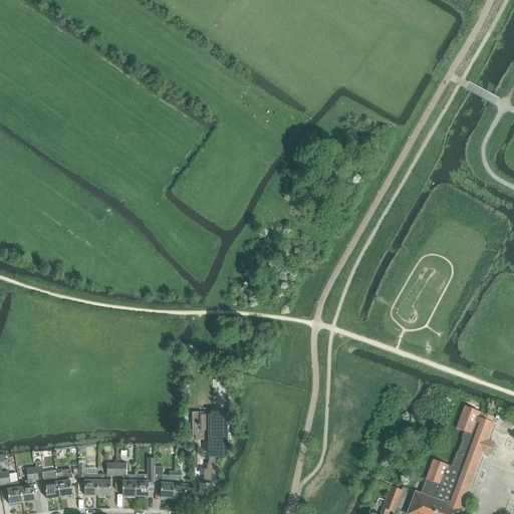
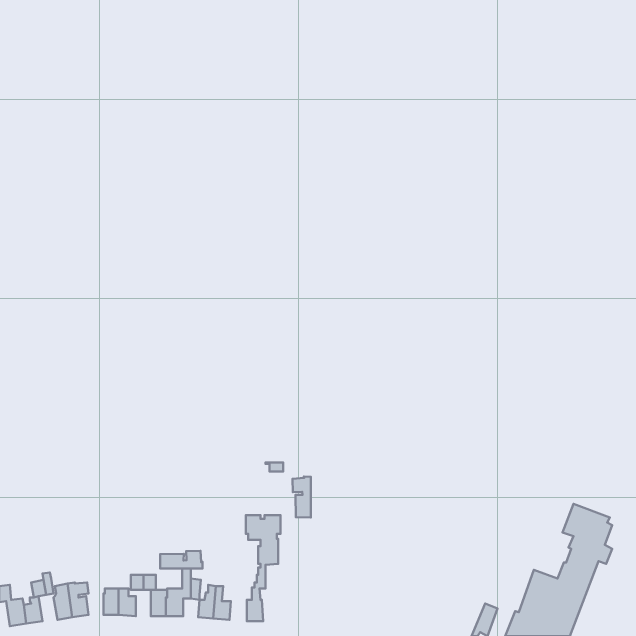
building: none -> [293,477,311,517]
building: none -> [160,551,203,569]

